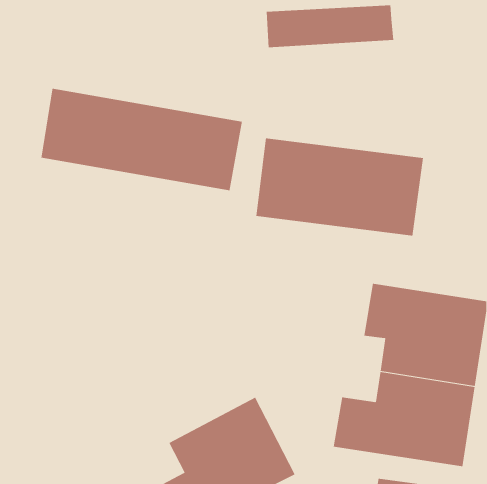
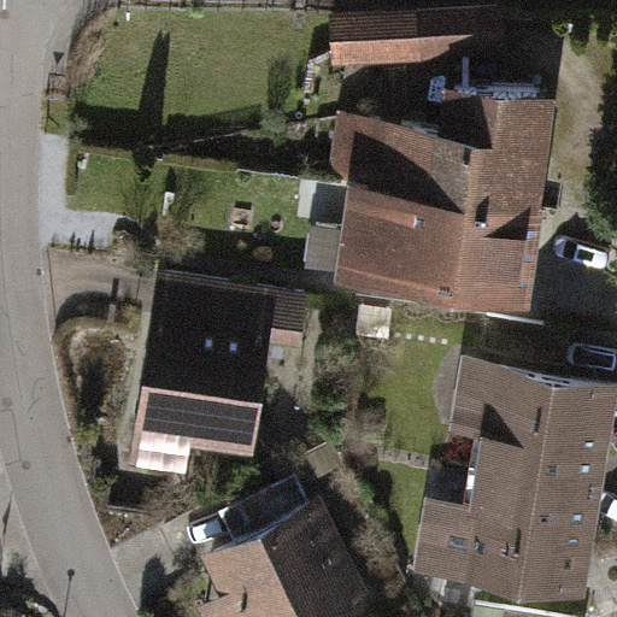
building: none -> [324,77,548,205]
building: [41,88,242,191] -> none
building: none -> [128,283,310,477]

